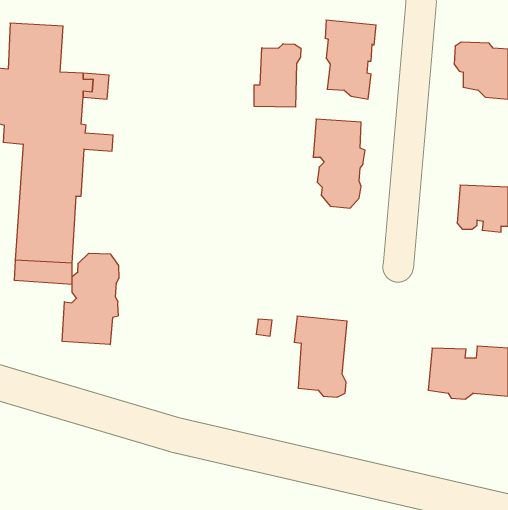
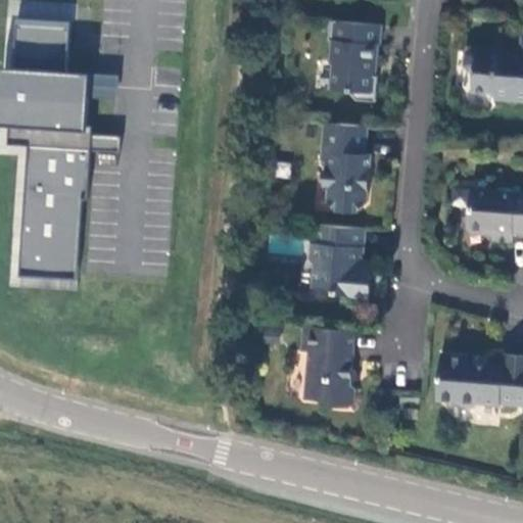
building: [254,44,301,107] -> none
building: none -> [311,225,372,308]
building: [62,253,119,345] -> none

